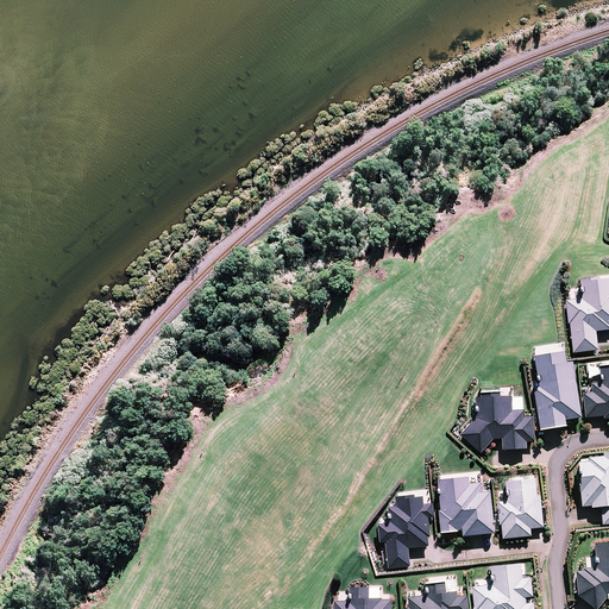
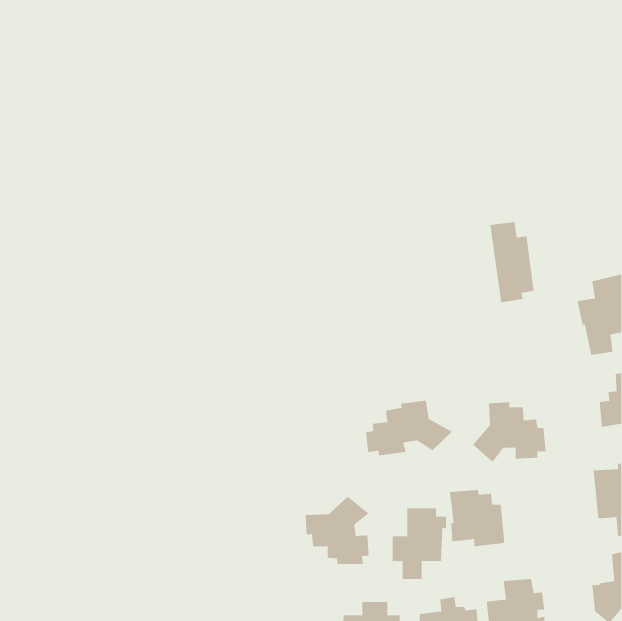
building: [533,346,577,426] -> [489,221,534,303]
building: none -> [366,400,453,456]
building: [497,479,544,539] -> none
building: none -> [305,496,369,565]

